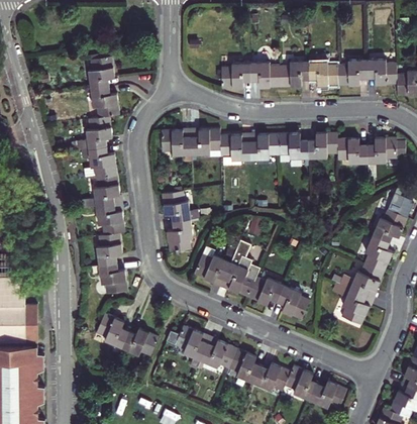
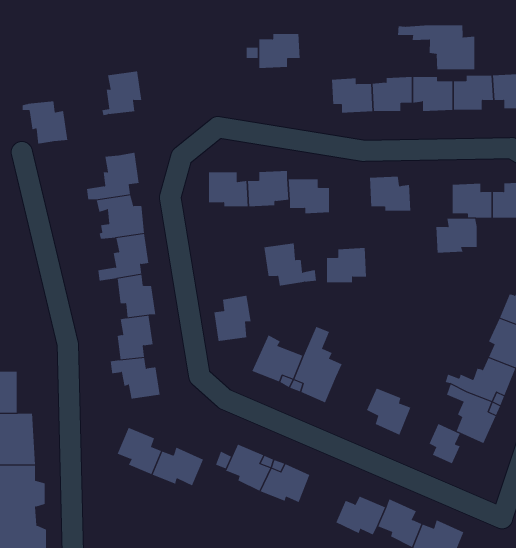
building: none -> [398,25,475,70]
building: [221,63,251,88] -> [258,33,300,68]
building: [86,86,119,117] -> [22,101,68,144]
building: [307,132,337,157] -> [435,218,477,253]
building: [249,133,279,158] -> [326,248,367,283]
building: [161,190,199,221] -> [264,243,317,286]
building: [246,277,283,304] -> none
building: none -> [429,423,461,464]
building: [227,347,260,382] -> none

